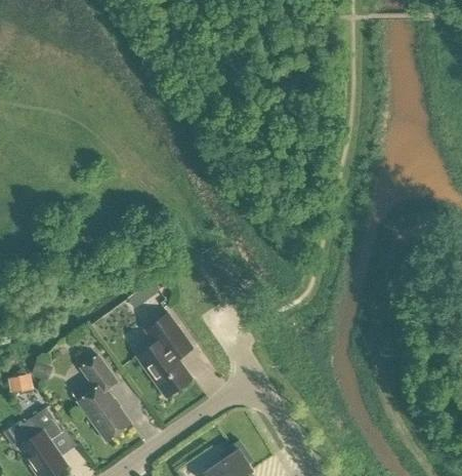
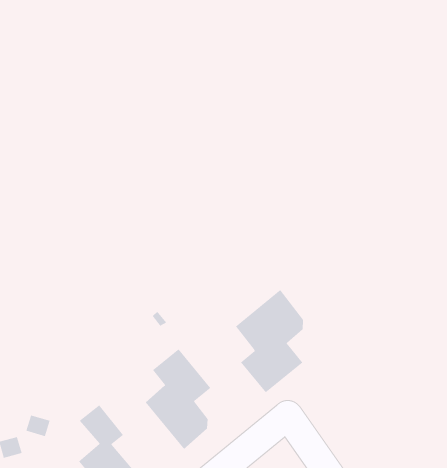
building: none -> [235,289,303,393]

